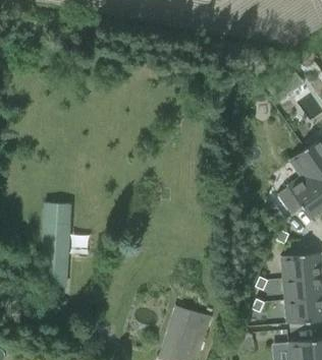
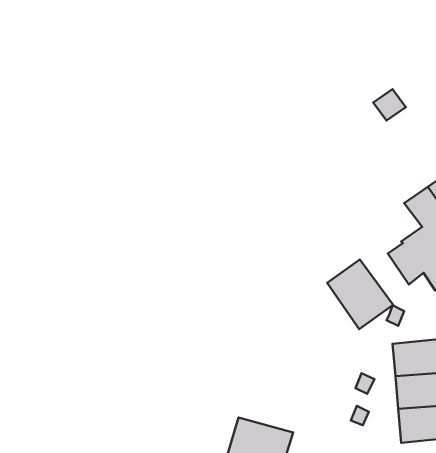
building: none -> [327,260,393,329]
building: [39,203,68,287] -> none

